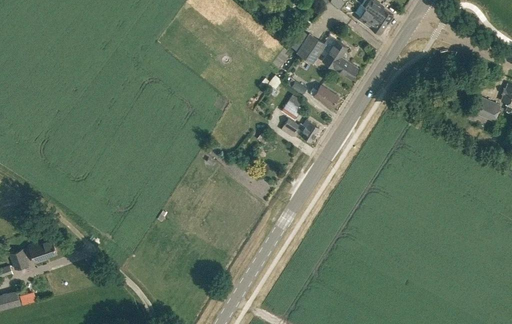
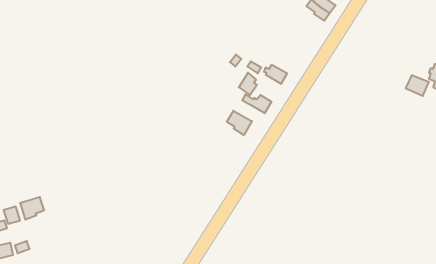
building: [297,34,326,63] -> none
building: [323,41,358,79] -> none
building: none -> [227,111,252,135]

